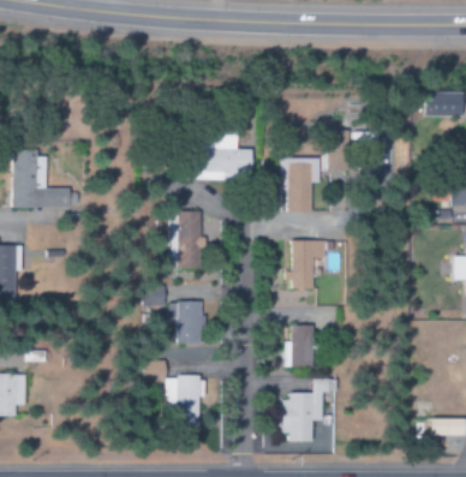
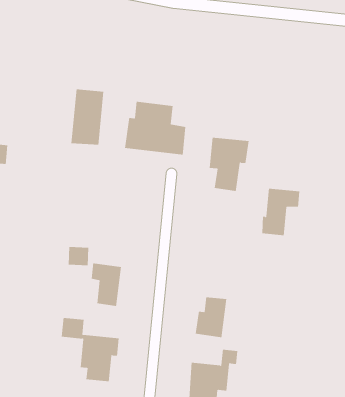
building: [172,211,202,269] -> [70,89,104,145]
building: [288,240,325,288] -> [262,188,300,236]

